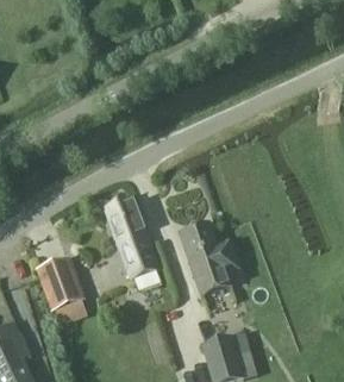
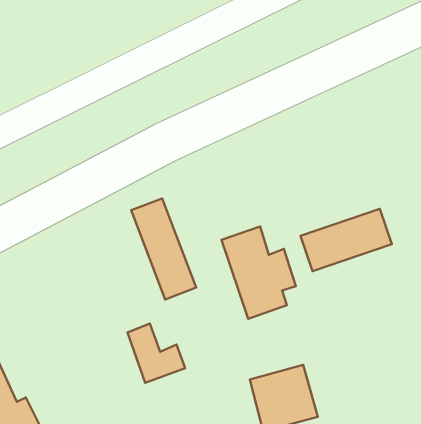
building: none -> [300,209,392,271]
building: [37,259,83,307] -> [127,324,185,383]

